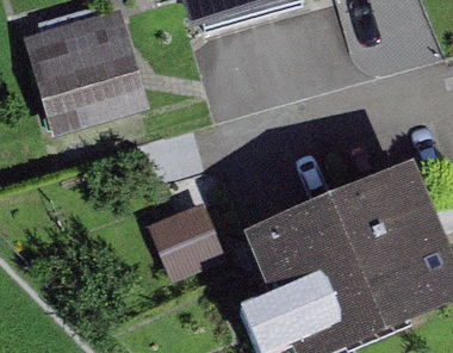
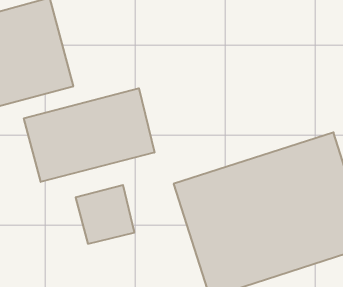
building: none -> [24,88,154,182]

